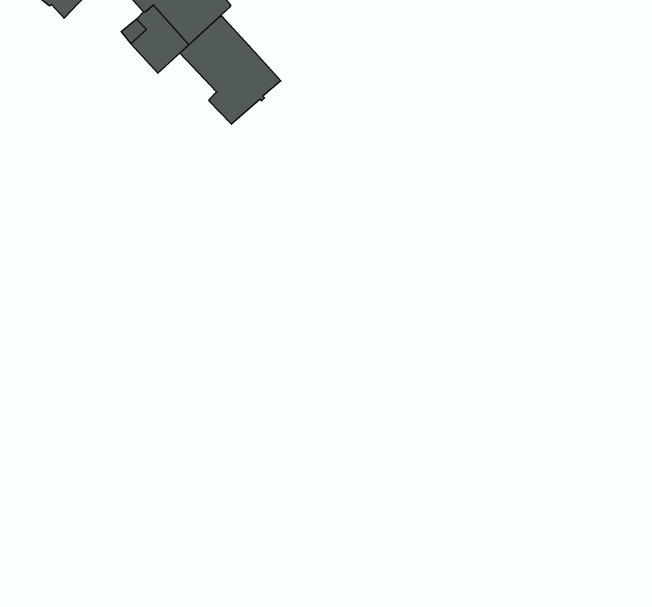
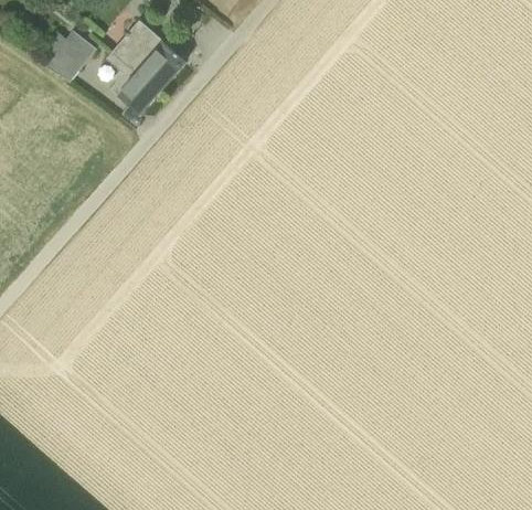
building: [180,16,281,124] -> none

